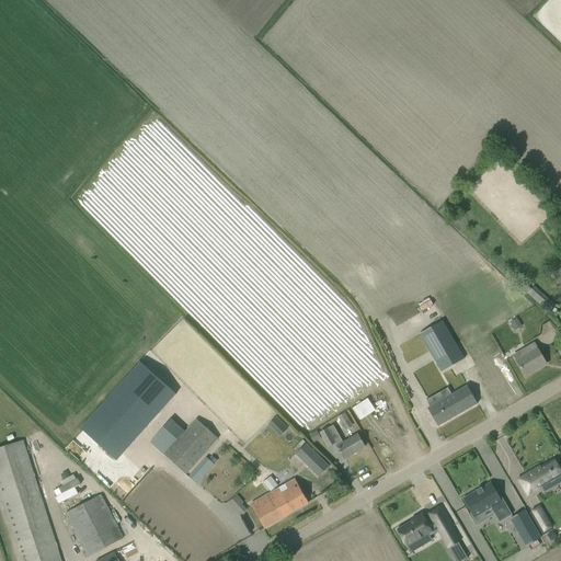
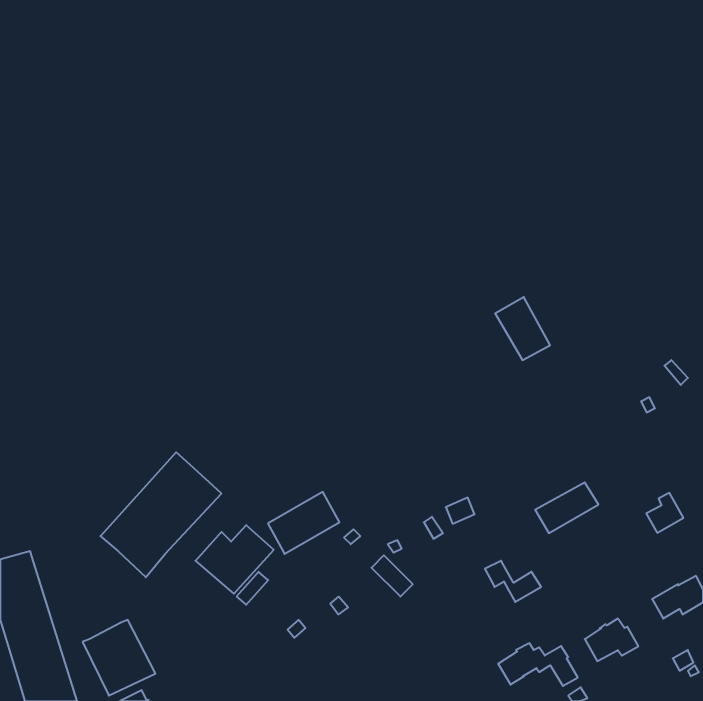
building: [420,320,463,370] -> [495,297,550,360]
building: [516,343,546,375] -> [646,493,683,533]
building: [320,425,365,458] -> [485,561,541,602]
building: [251,478,308,527] -> [268,492,339,554]
building: [511,510,540,546] -> none

